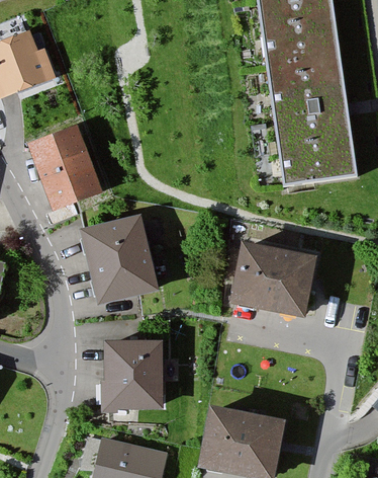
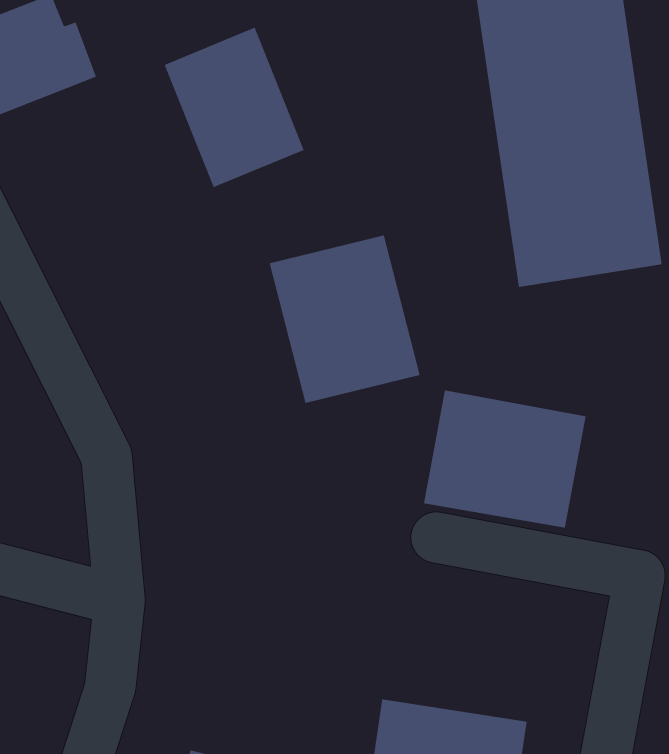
building: [26,126,101,212] -> [164,27,304,188]
building: [78,213,159,303] -> [269,235,421,403]
building: [103,337,166,407] -> none

